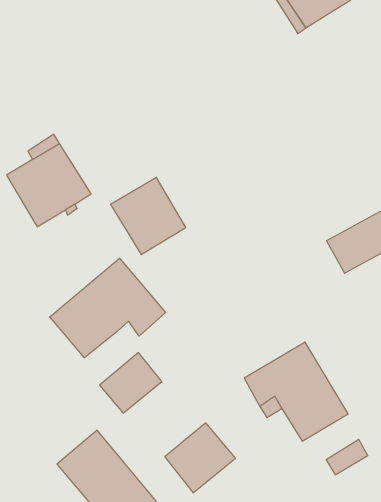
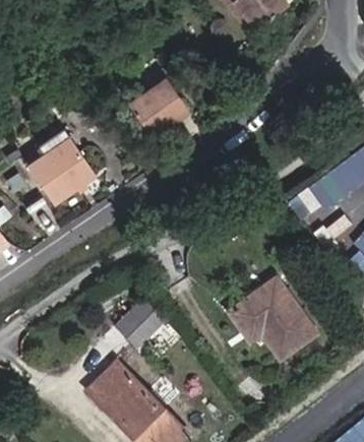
building: [111,177,186,255] -> [130,77,191,139]
building: [50,258,166,358] -> none
building: [165,423,235,493] -> none

